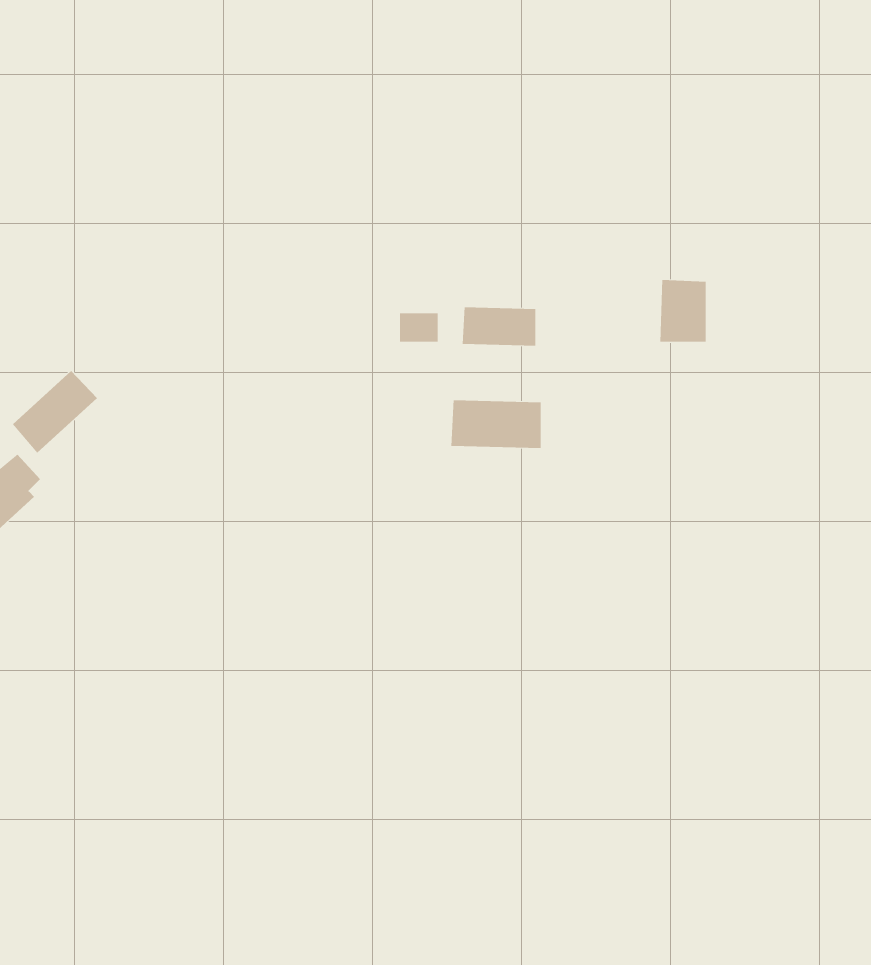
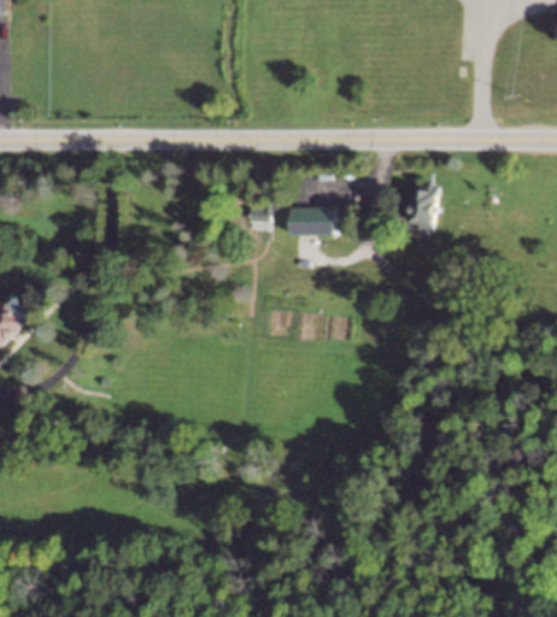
building: [12,370,98,453] -> none
building: [451,400,541,449] -> none

